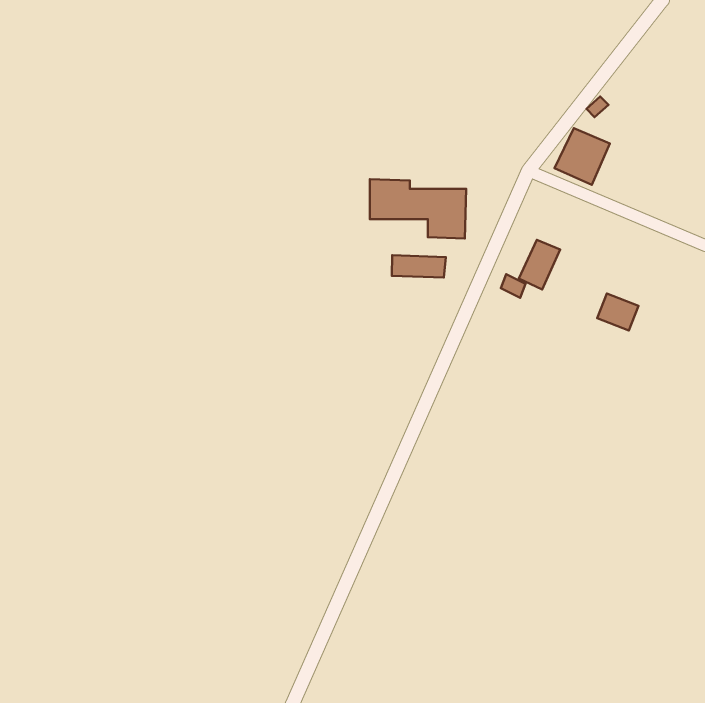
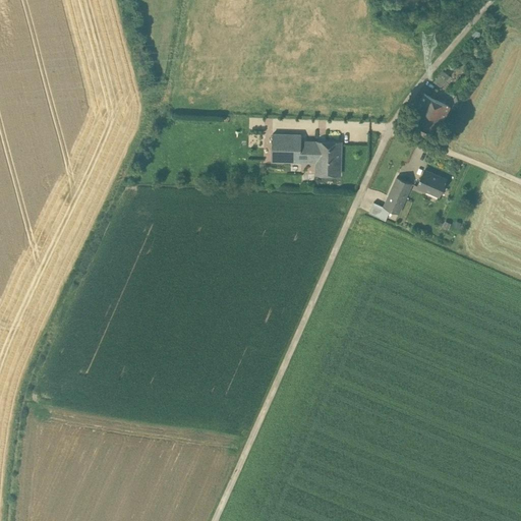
building: [392,255,446,277] -> none
building: [597,293,639,331] -> [417,171,448,198]

